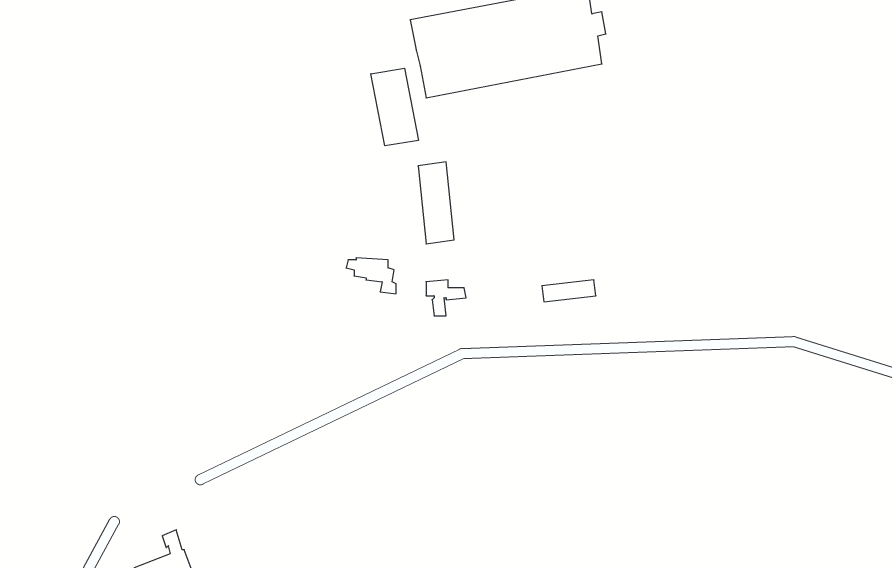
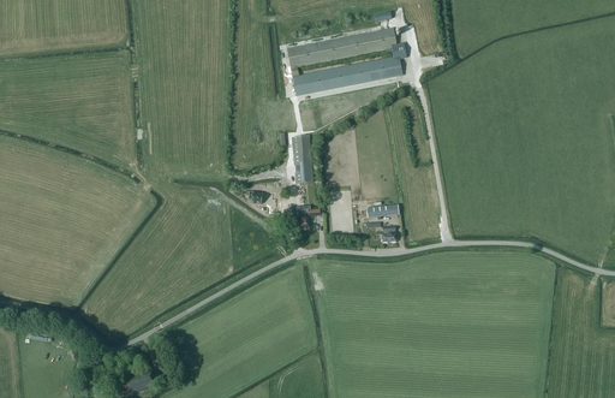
building: [371,68,418,146] -> none

